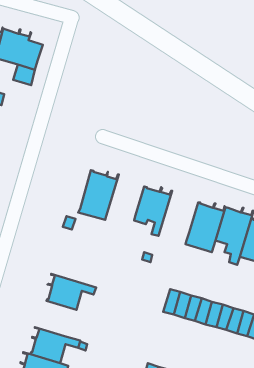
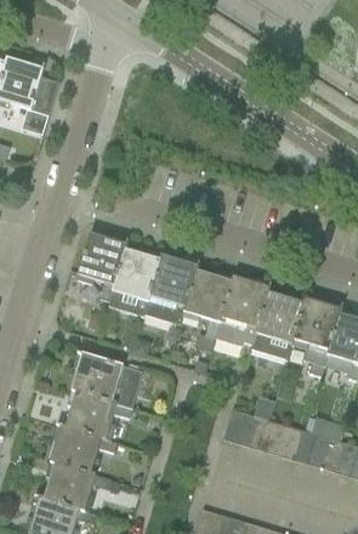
building: none -> [75,232,127,300]
building: none -> [143,254,199,324]
building: none -> [215,275,271,345]
building: none -> [70,350,142,405]
building: none -> [49,421,115,471]

